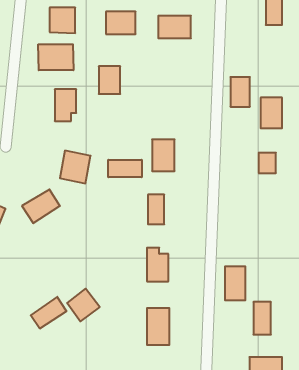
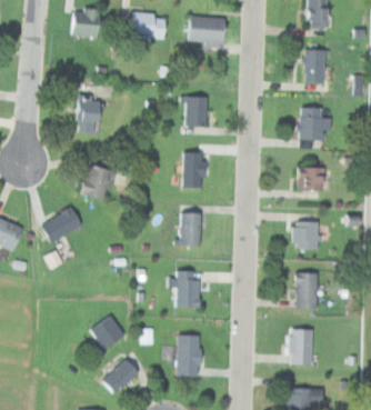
building: [38,44,73,70] -> none
building: [99,66,120,94] -> [183,97,207,127]
building: [230,77,250,107] -> [304,50,325,82]
building: [108,160,142,177] -> none
building: none -> [293,221,318,248]
building: [225,266,245,300] -> [295,272,318,309]
building: [31,297,67,328] -> [102,359,141,393]

